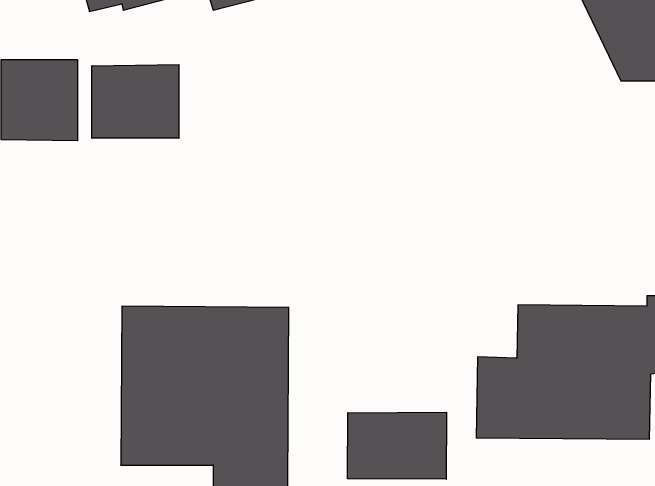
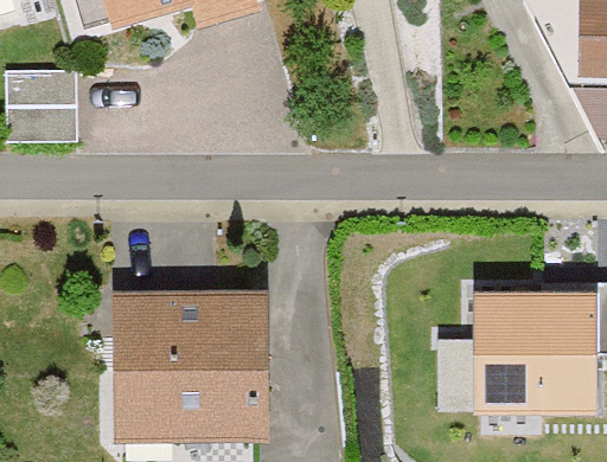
building: [92,65,179,138] -> none
building: [348,412,447,479] -> none

